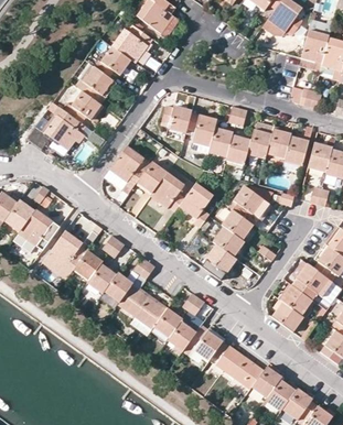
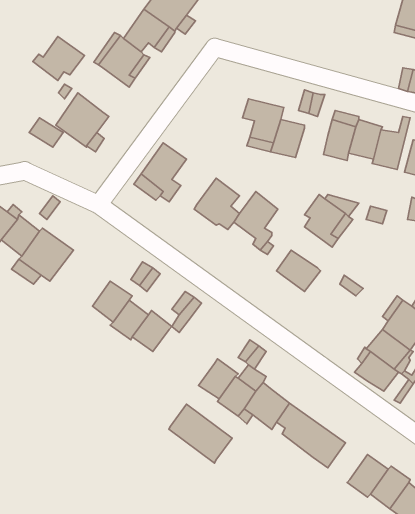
building: [63,89,101,122] -> [33,36,84,81]
building: [161,105,192,132] -> none
building: [225,134,250,164] -> none
building: [137,161,167,192] -> none
building: [221,208,254,239] -> none
building: [49,230,89,270] -> none
building: [202,244,236,274] -> none
building: [118,285,165,329] -> [169,404,232,463]
building: [253,366,282,397] -> none

